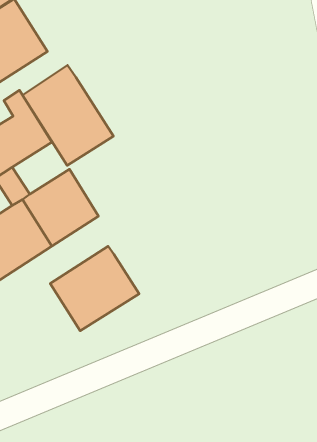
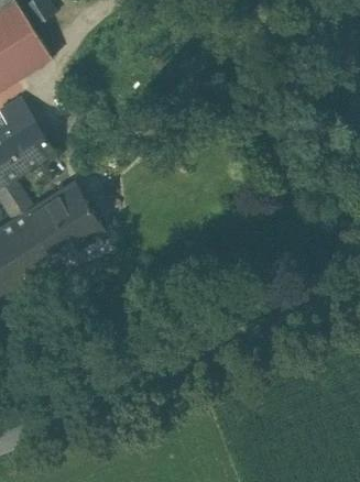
building: [23,65,113,165] -> none
building: [50,246,139,331] -> none

